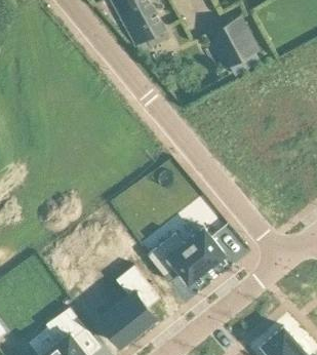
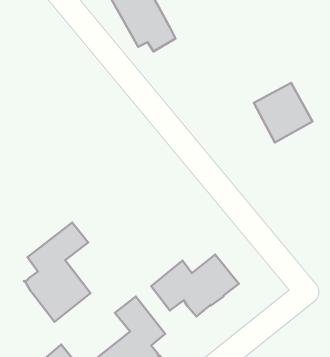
building: [206,17,257,70] -> [254,83,312,142]
building: none -> [24,222,91,322]

